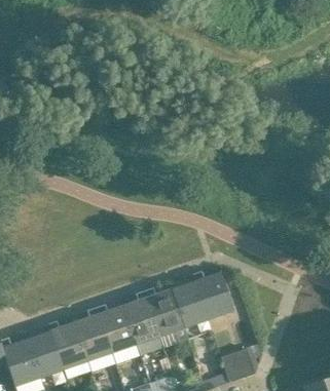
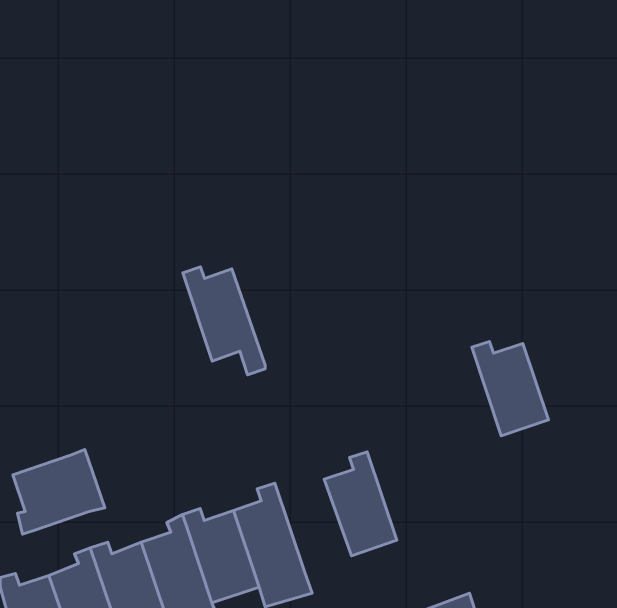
building: [194,271,234,320] -> [472,341,548,436]
building: none -> [13,449,105,534]
building: [146,287,189,344] -> [183,267,265,375]

